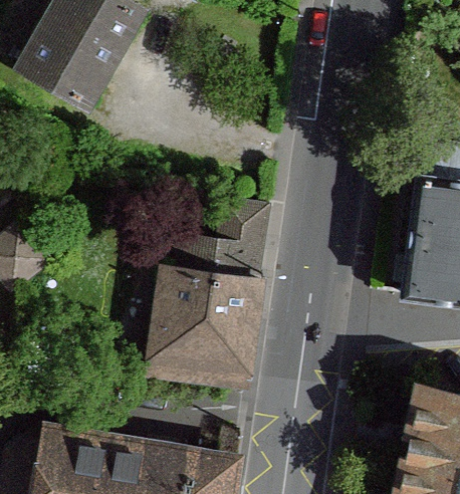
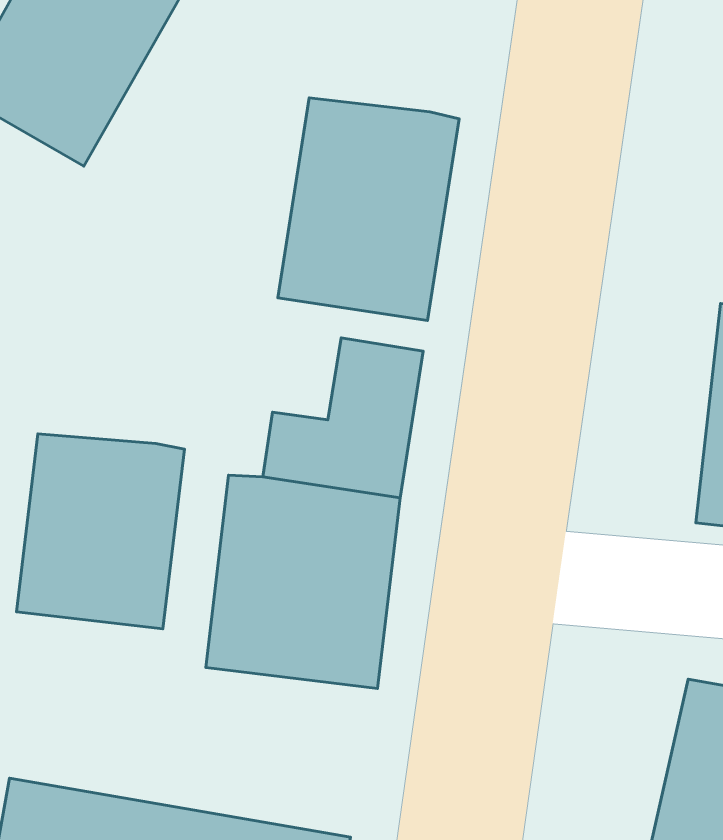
building: none -> [278,98,459,321]
building: none -> [17,434,185,629]

